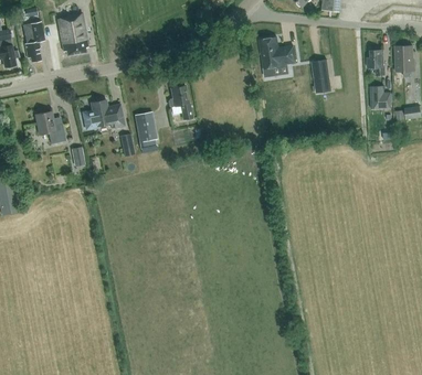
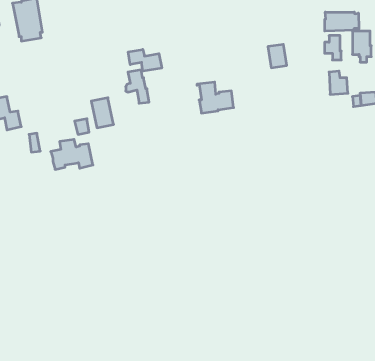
building: none -> [325,12,359,31]
building: [259,36,295,67] -> [197,82,234,113]
building: none -> [128,49,162,71]
building: [82,99,124,129] -> [51,139,93,169]

